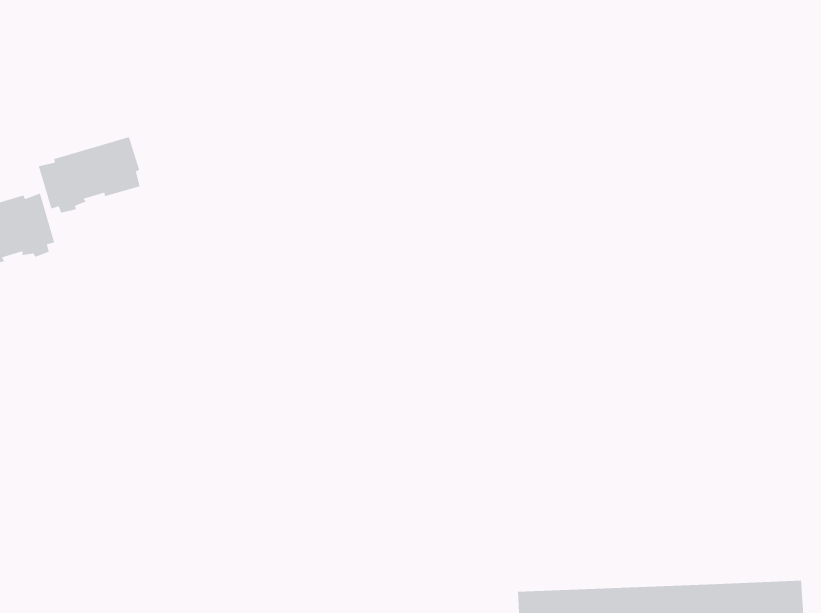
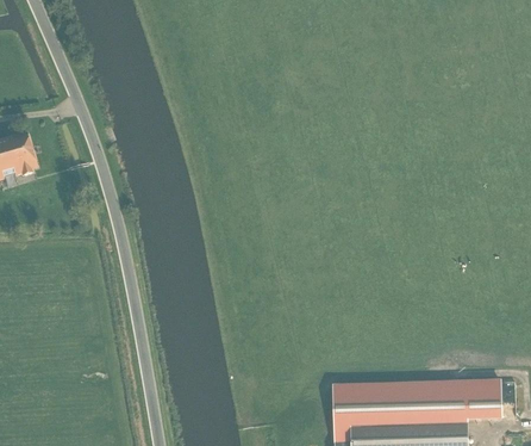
building: [38,136,141,213] -> none

